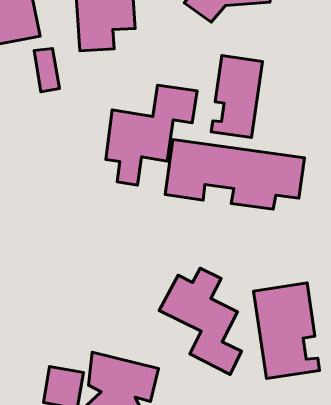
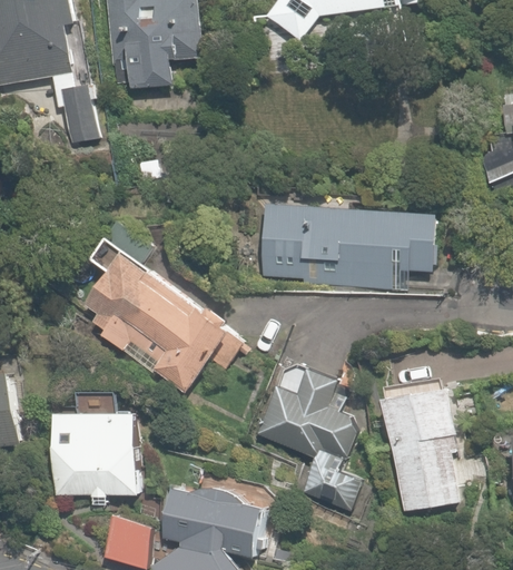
building: [211,55,262,137] -> none
building: [106,85,197,185] -> none
building: none -> [78,248,228,393]
building: none -> [49,412,141,495]

